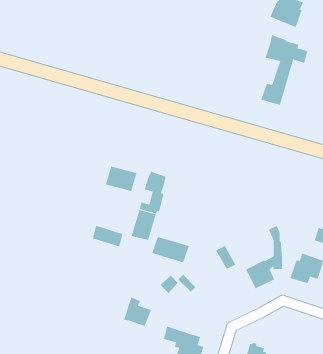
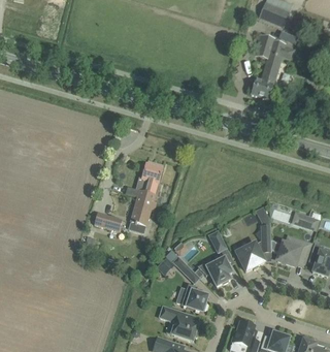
building: [105,166,137,192] -> none
building: [152,236,190,263] -> none
building: none -> [196,253,231,286]
building: [123,297,152,326] -> [180,283,207,311]

